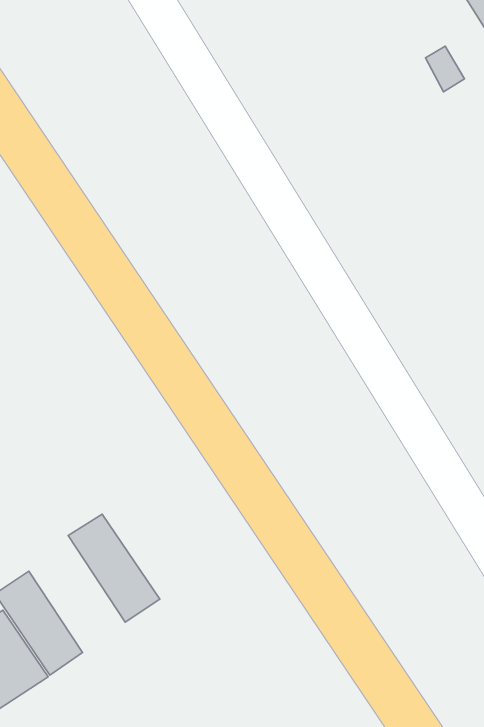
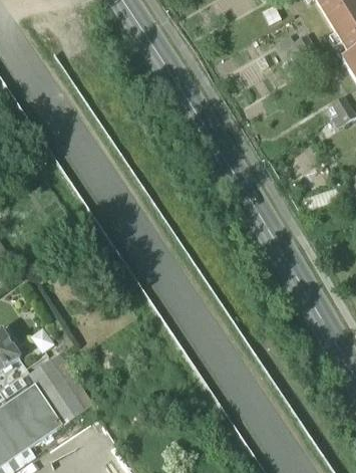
building: [68,514,160,622] -> none

